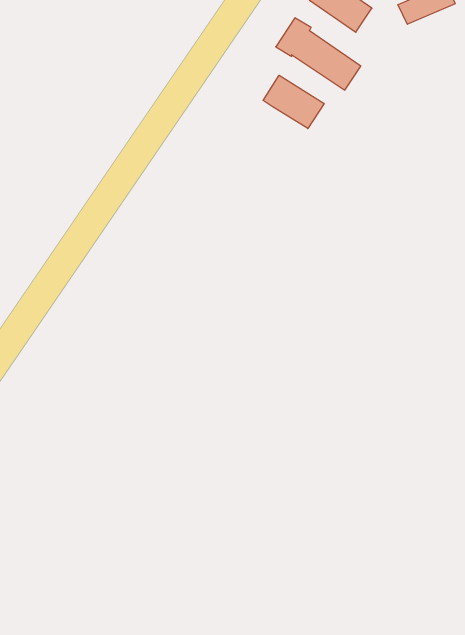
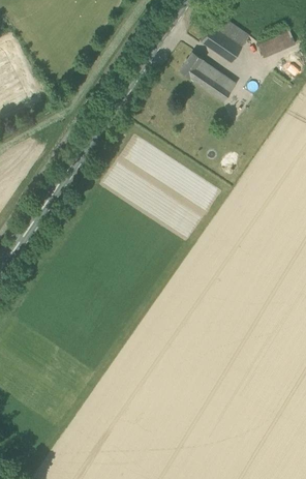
building: [263,75,324,129] -> none

